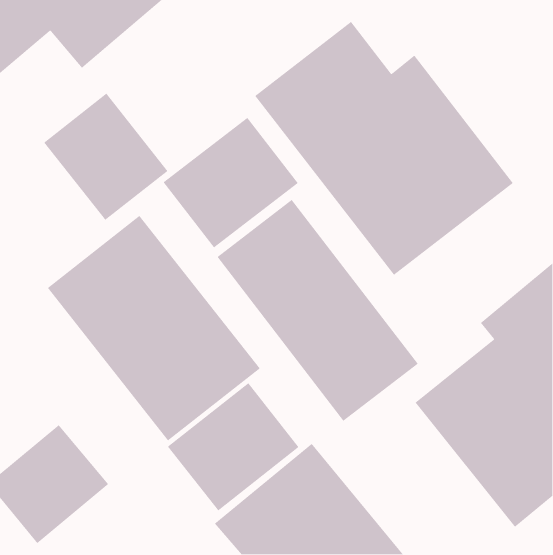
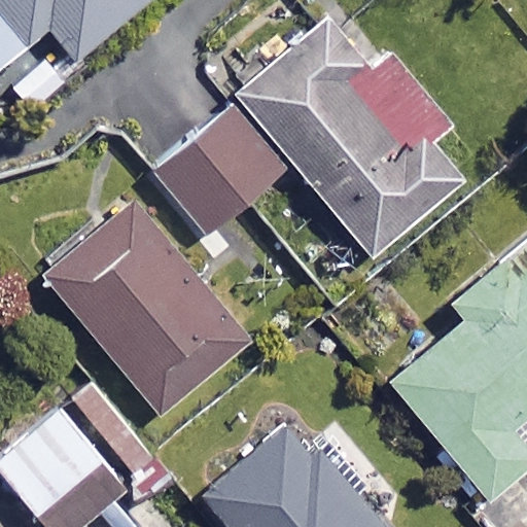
building: [43,93,168,221] -> none
building: [216,199,419,422] -> none
building: [167,382,300,512] -> none

